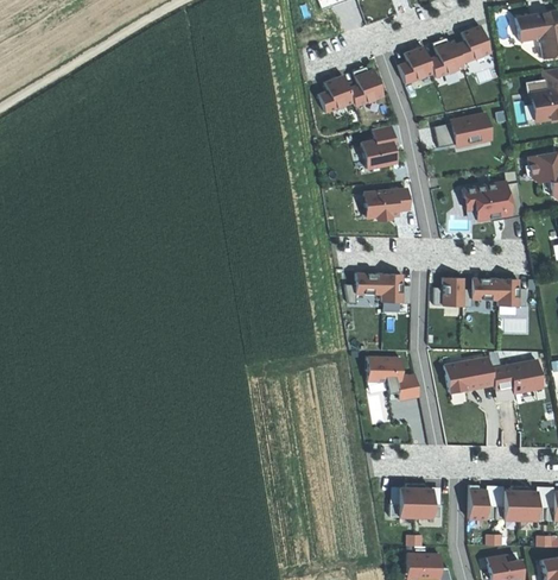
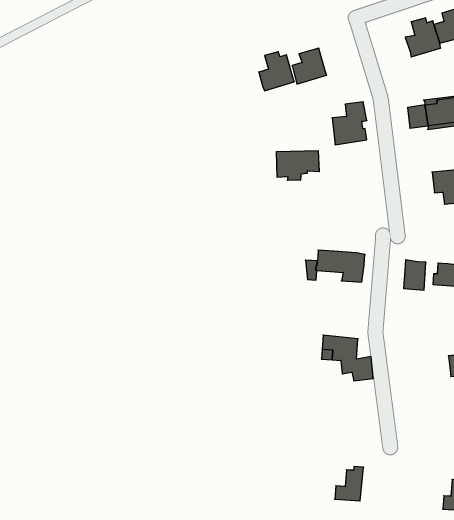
building: [398,46,433,83] -> none
building: [348,67,383,106] -> [259,52,294,91]
building: [364,189,408,220] -> [276,151,319,180]
building: [443,357,493,393] -> none
building: [414,484,440,517] -> none
building: [469,485,493,519] -> none

